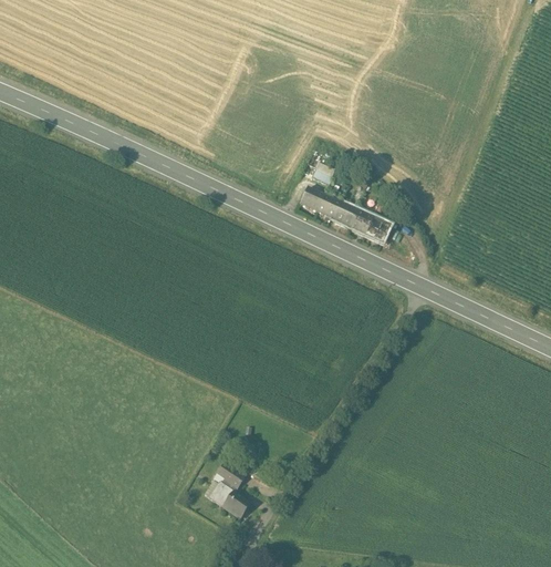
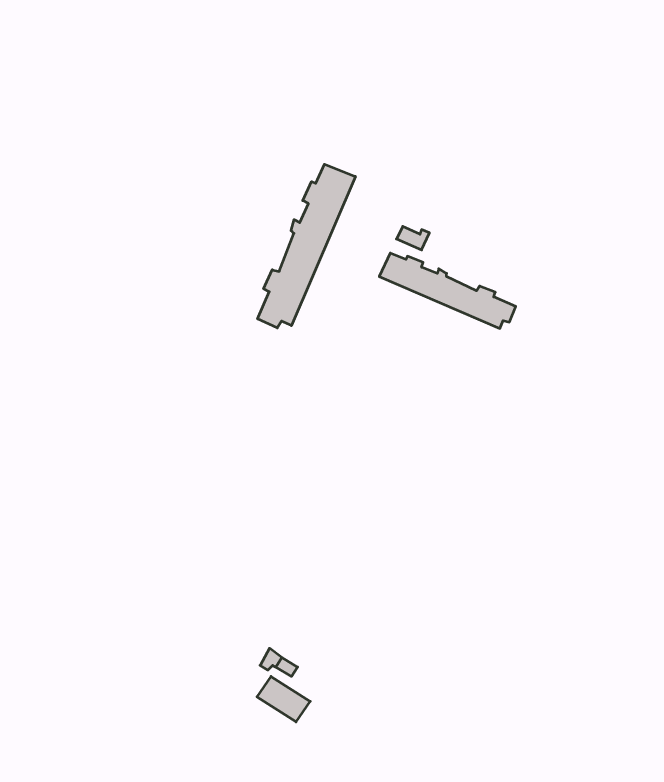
building: none -> [258,164,355,328]

